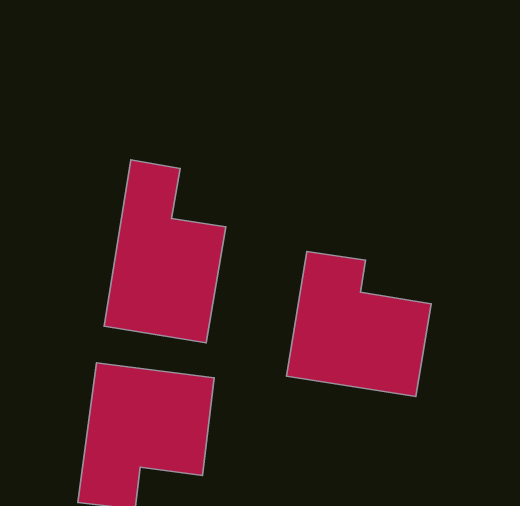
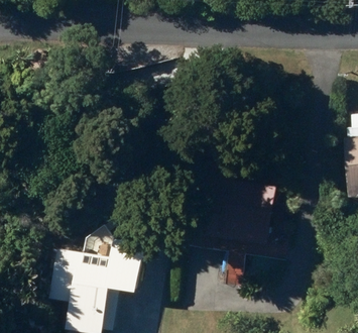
building: [104,160,226,343] -> none

